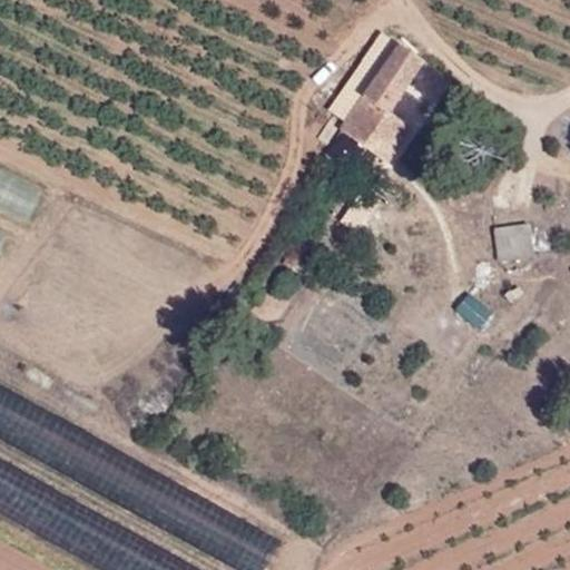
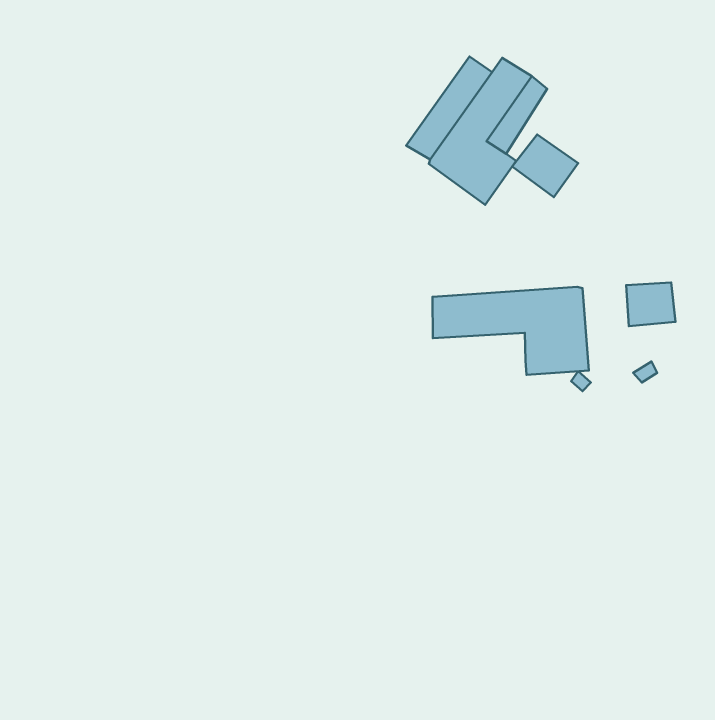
building: none -> [512,134,578,197]
building: none -> [433,287,589,375]

